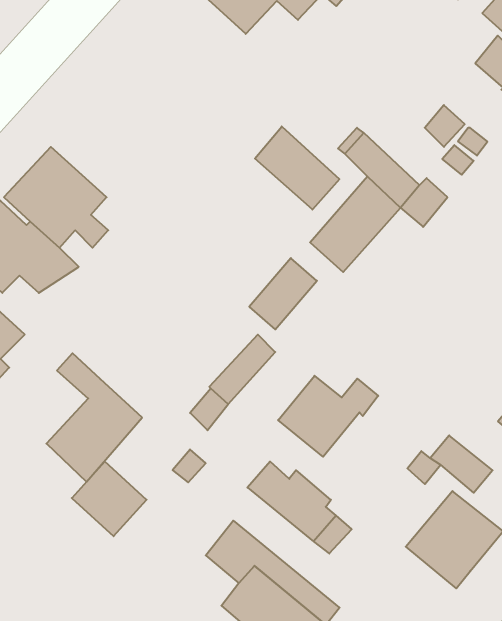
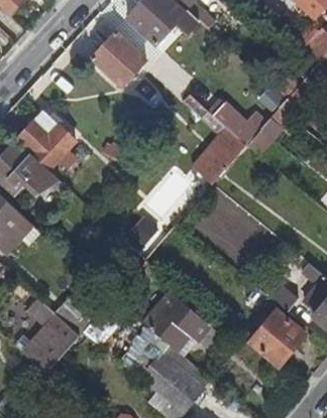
building: none -> [90,32,144,86]
building: [255,126,339,210] -> none
building: [46,353,142,482] -> [23,299,79,374]
building: [278,376,378,457] -> none

